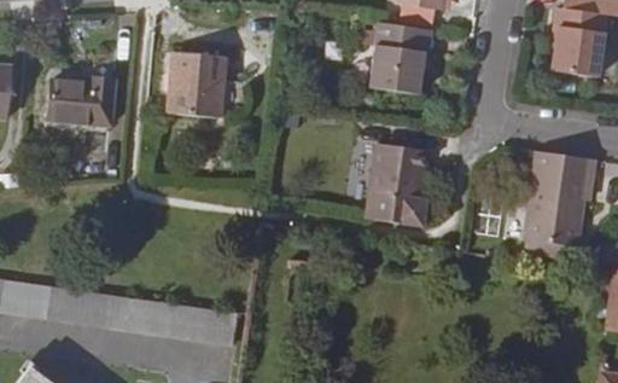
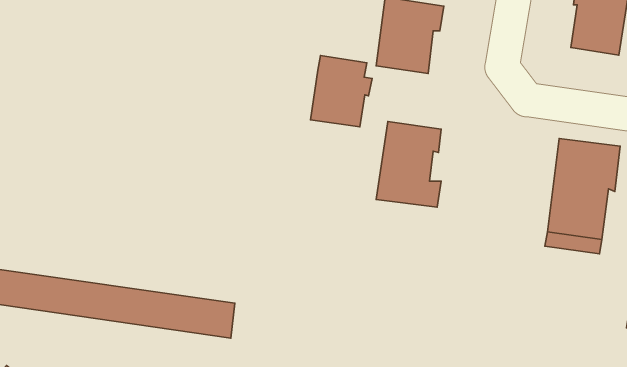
building: [168,51,226,114] -> none
building: [43,75,112,122] -> none
building: none -> [311,55,372,127]

